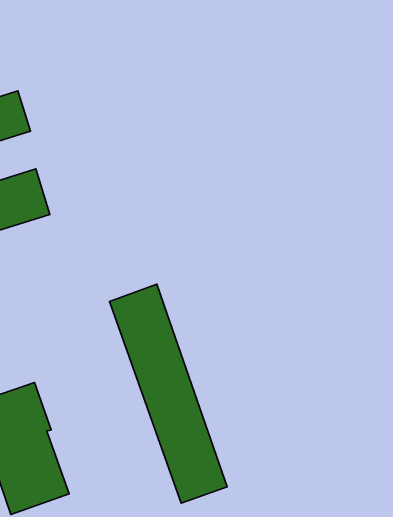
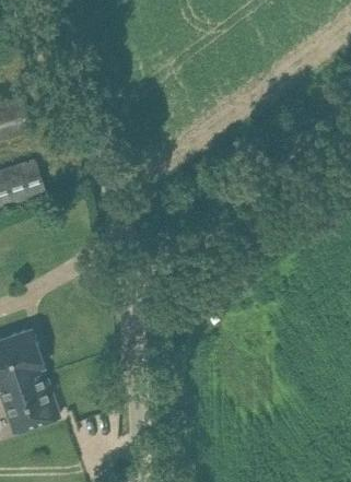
building: [110,284,227,503] -> none

